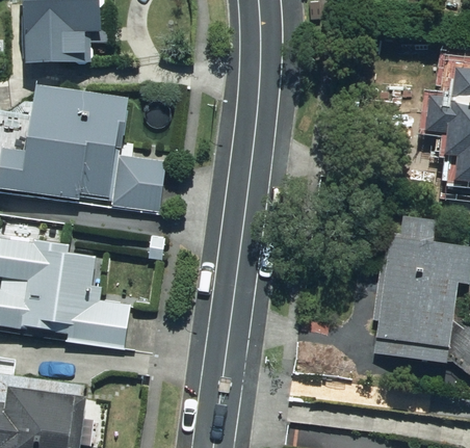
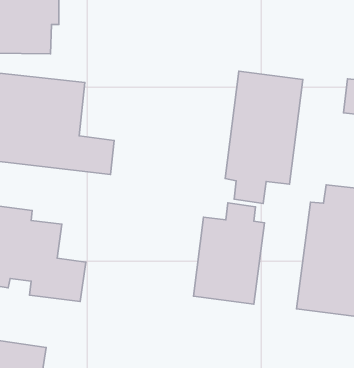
building: none -> [225,71,303,204]
building: none -> [193,203,264,304]

